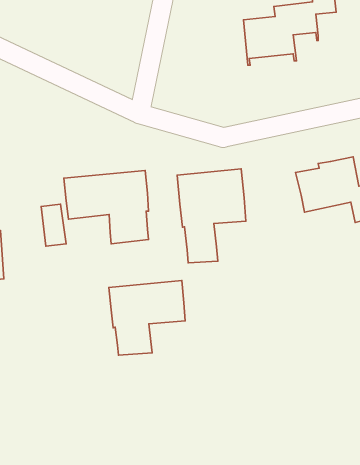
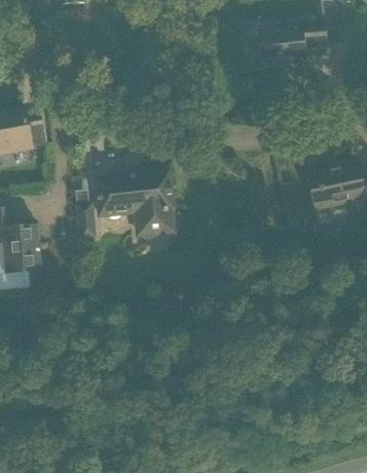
building: [177,169,246,263] -> none
building: [109,280,185,355] -> none

